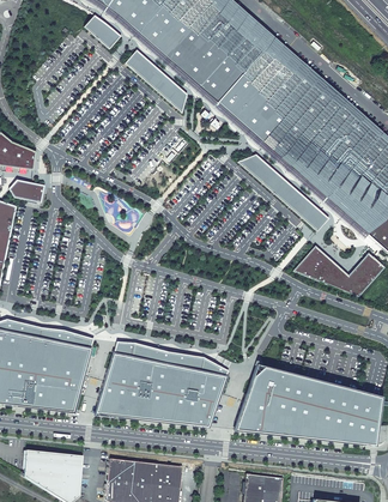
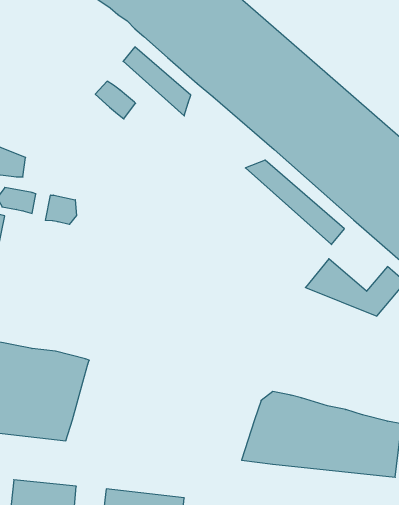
building: [84,13,121,48] -> [95,81,136,119]
building: none -> [45,195,77,224]
building: [95,339,229,427] -> none

